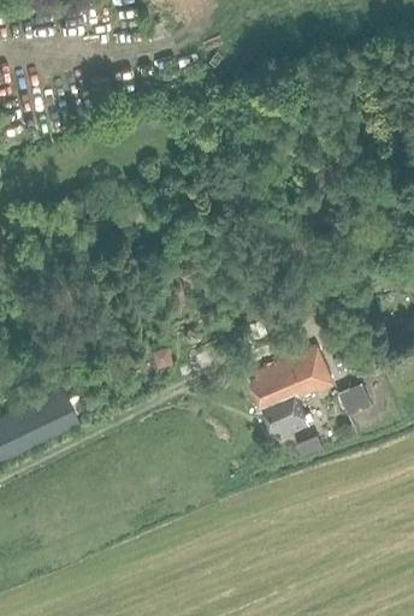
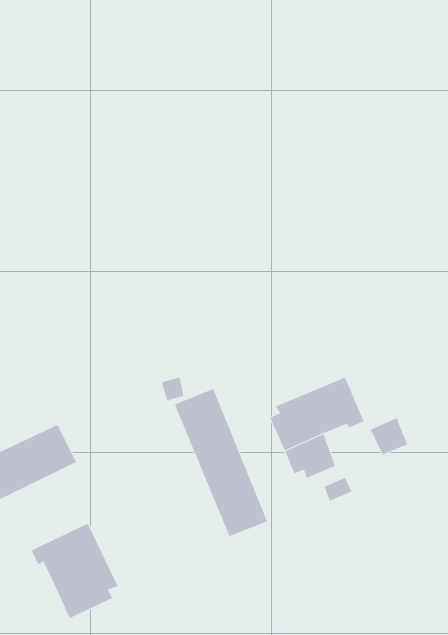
building: none -> [174,388,268,537]
building: none -> [31,523,118,619]

